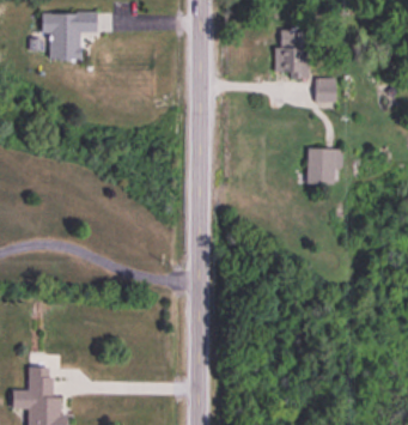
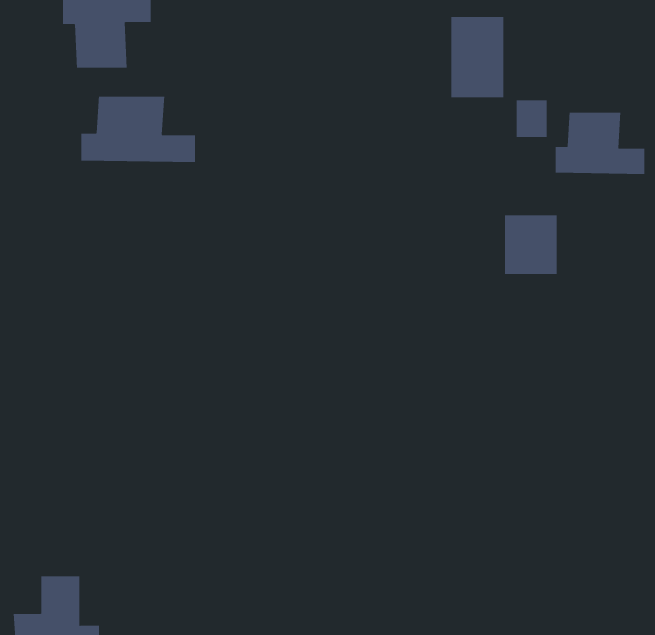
building: none -> [81,96,195,163]
building: none -> [555,112,645,175]

